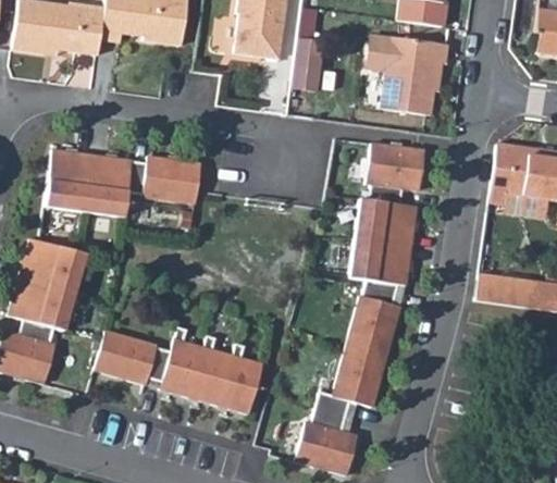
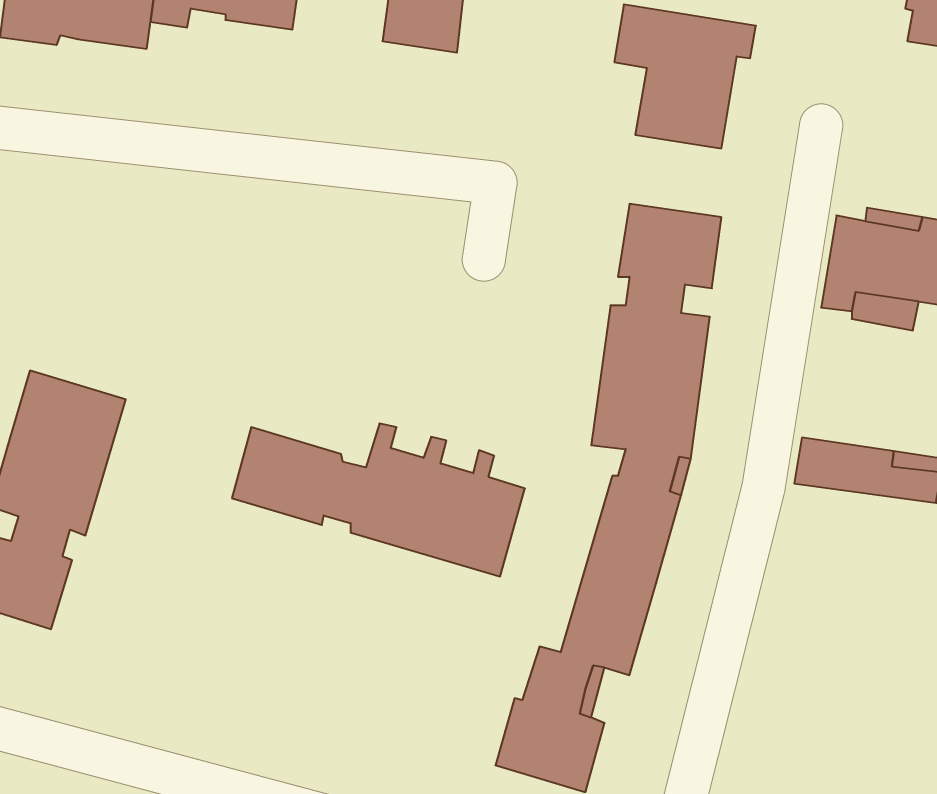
building: [289,34,322,88] -> none
building: [45,150,201,218] -> none
building: [97,329,263,416] -> [232,423,525,577]

